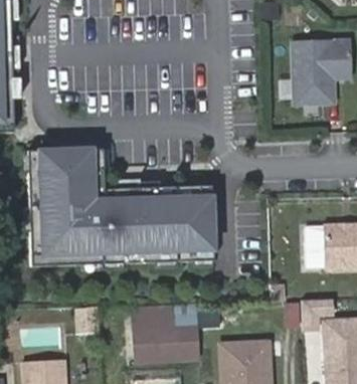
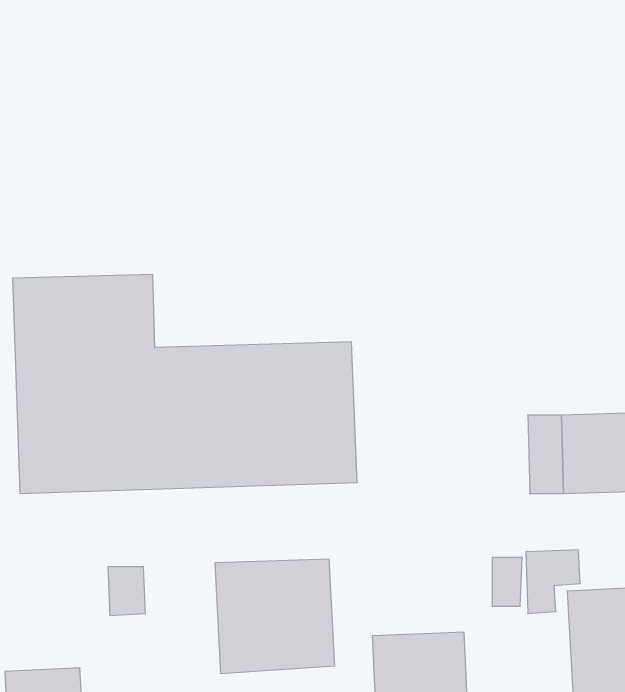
building: [292,41,348,103] -> none

